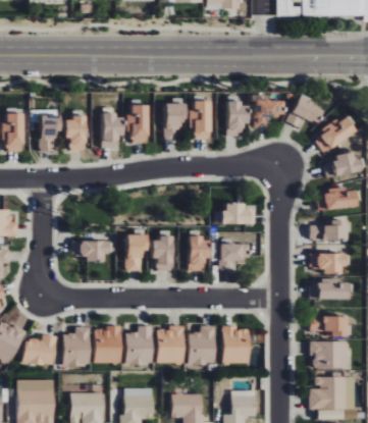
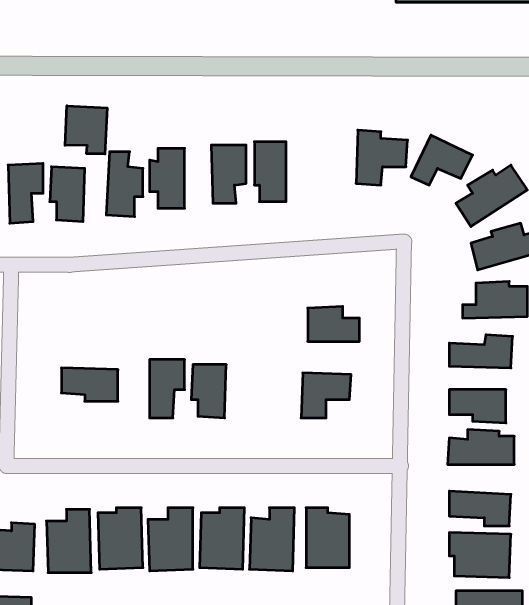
building: none -> [65,106,107,154]
building: [226,96,249,136] -> none
building: [189,239,210,271] -> none

